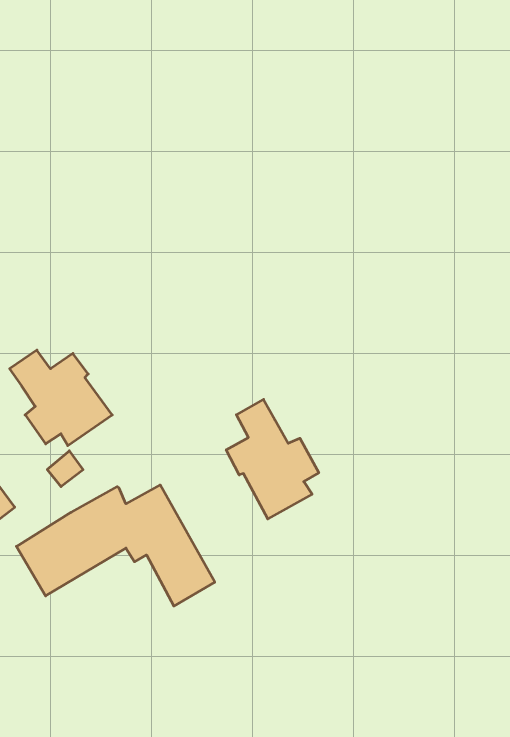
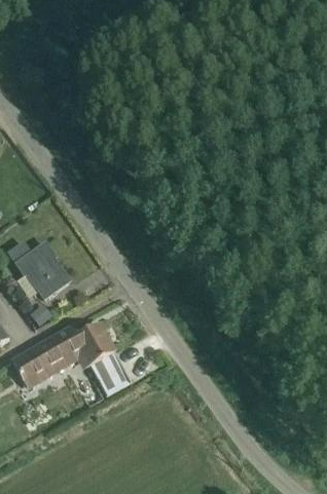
building: [226,399,319,519] -> none

